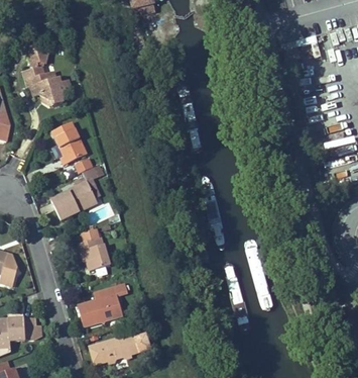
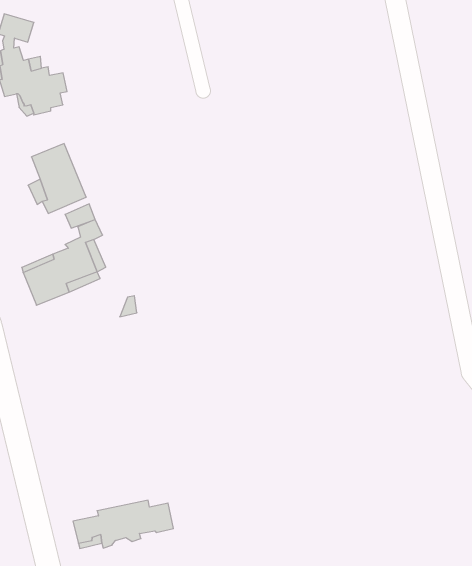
building: [78,227,111,270] -> none
building: [78,282,127,325] -> none

